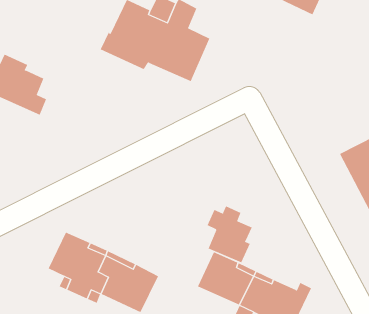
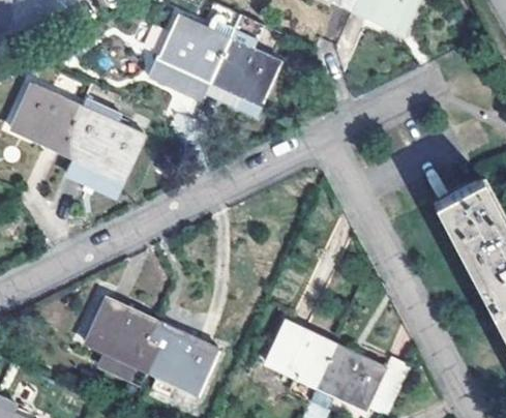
building: none -> [66,97,143,192]
building: [207,205,253,263] -> none

